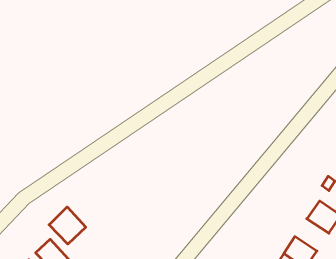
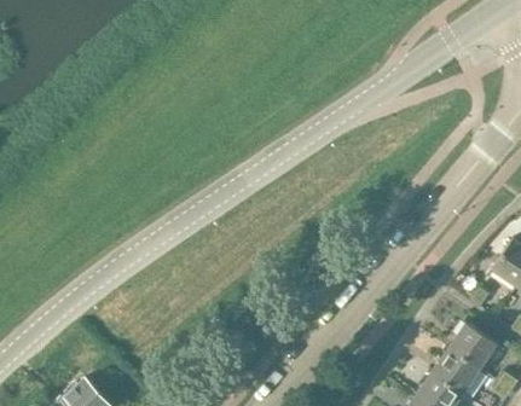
building: [49,207,86,244] -> none
building: none -> [432,348,480,394]

